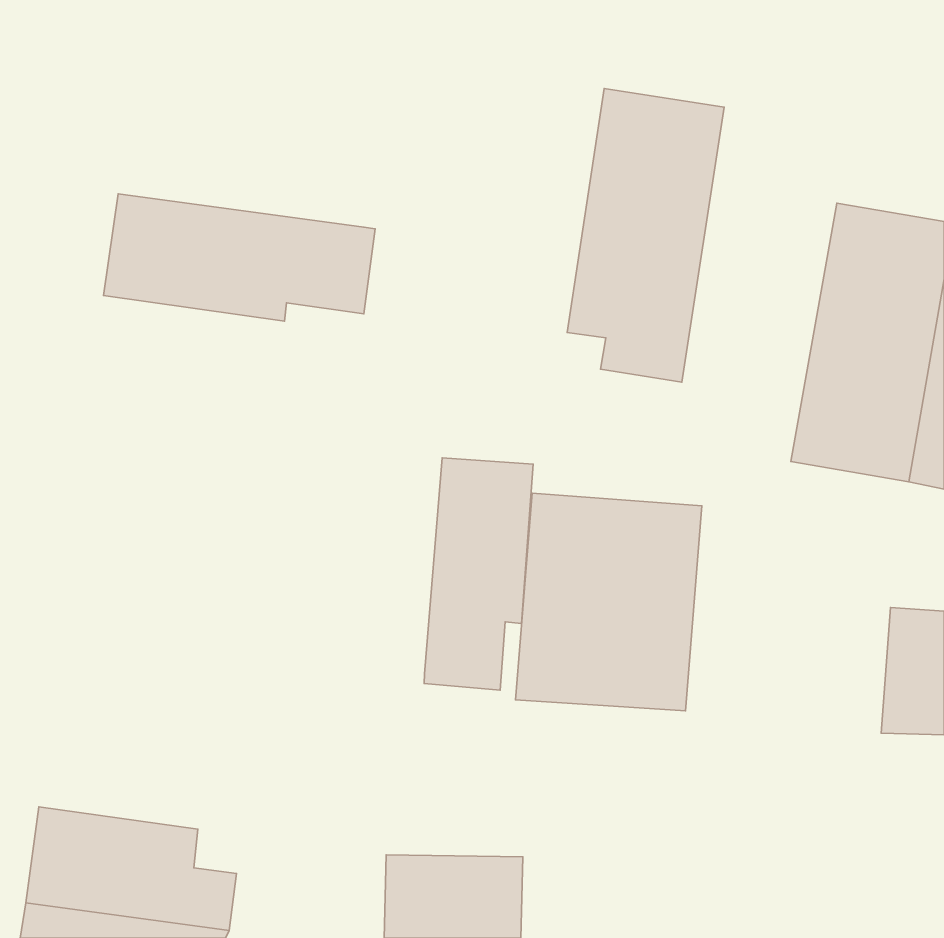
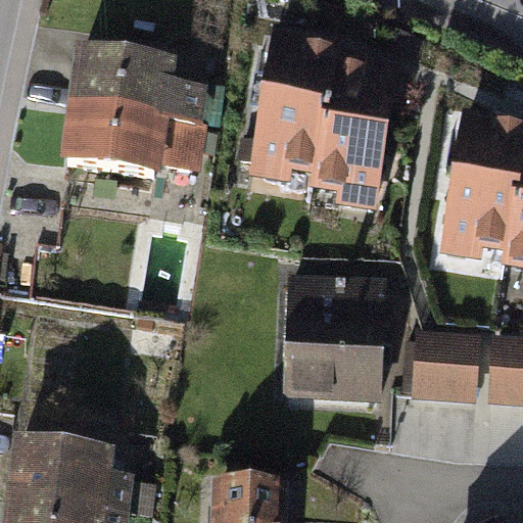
building: none -> [248,30,336,184]
building: none -> [65,47,206,126]
building: [424,458,533,690] -> none
building: none -> [414,332,484,401]

